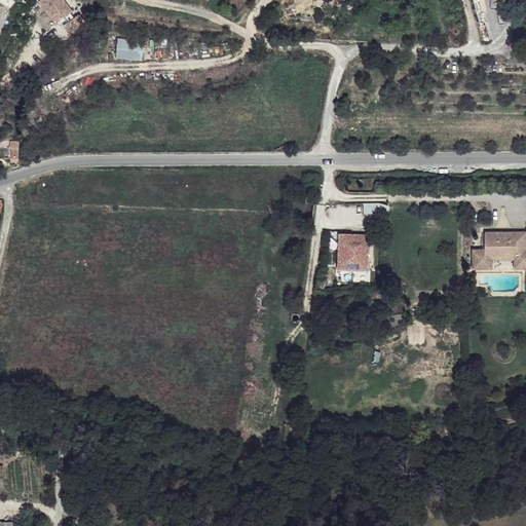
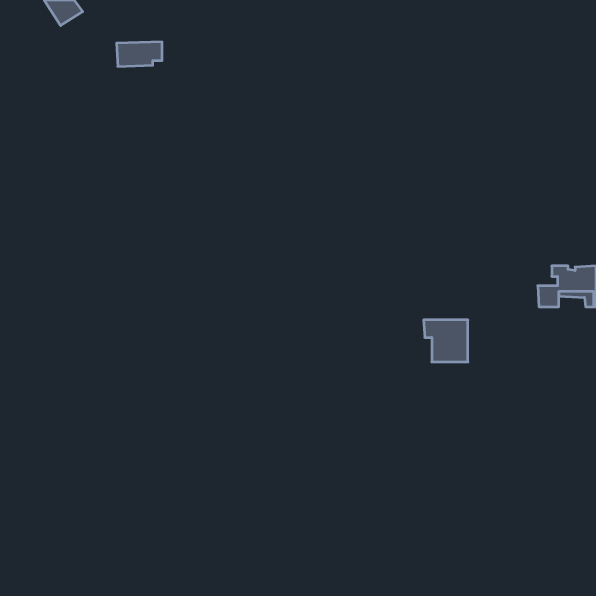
building: [331,231,370,268] -> [424,320,468,362]

